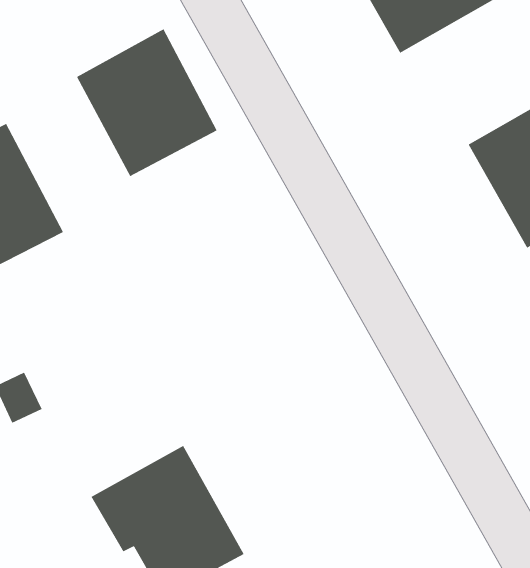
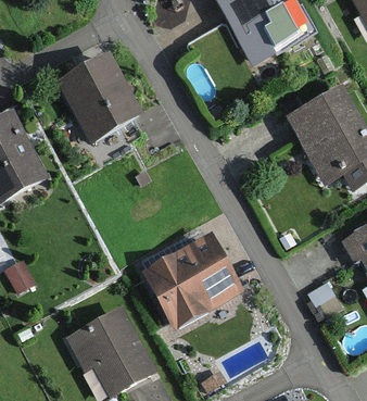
building: none -> [139,233,241,328]

